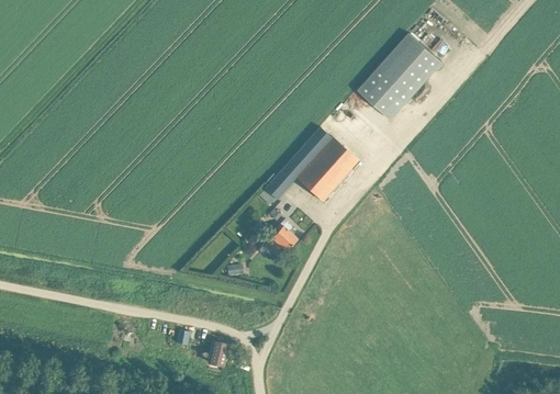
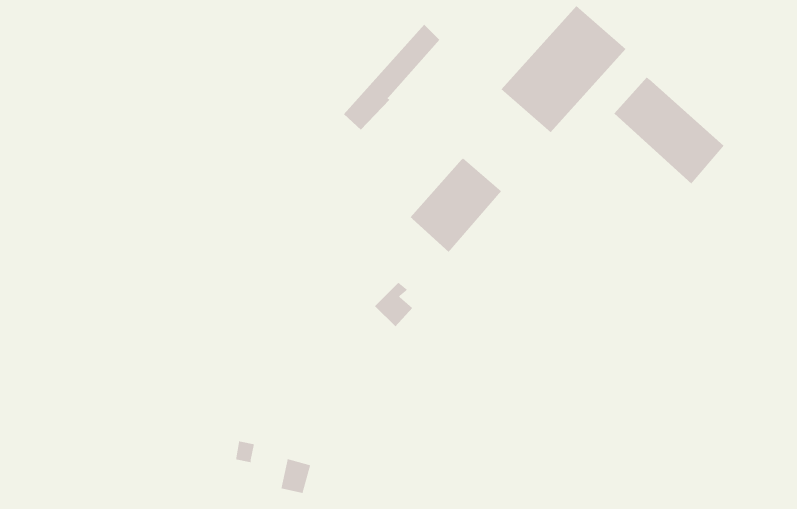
building: none -> [614,77,724,185]
building: [265,126,331,199] -> [343,24,440,130]

